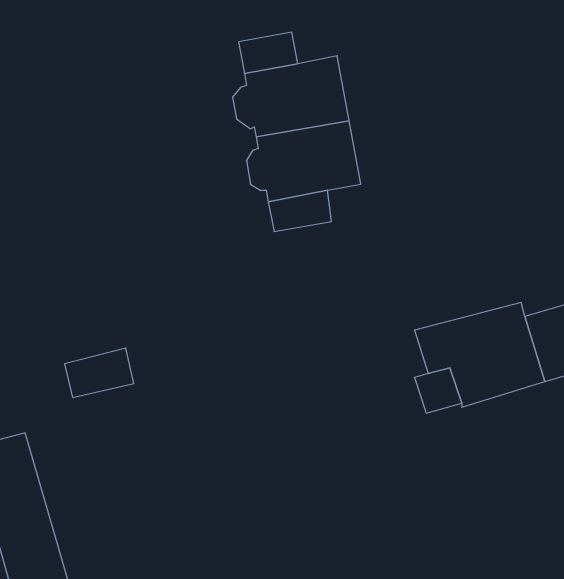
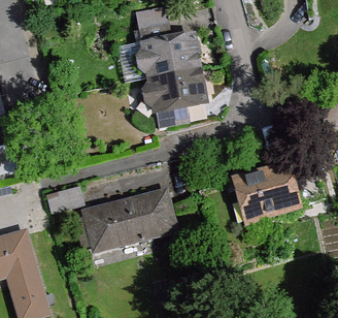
building: none -> [84,191,178,252]

